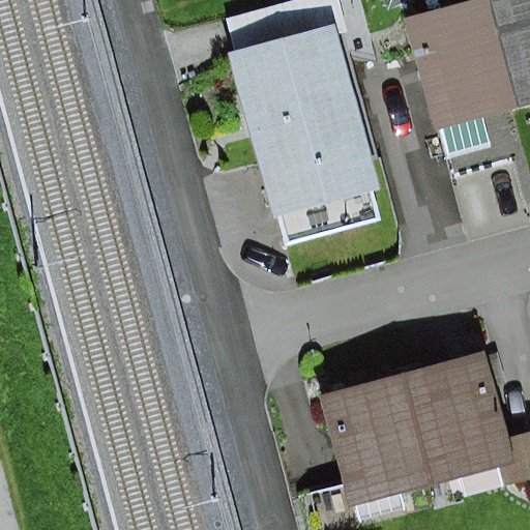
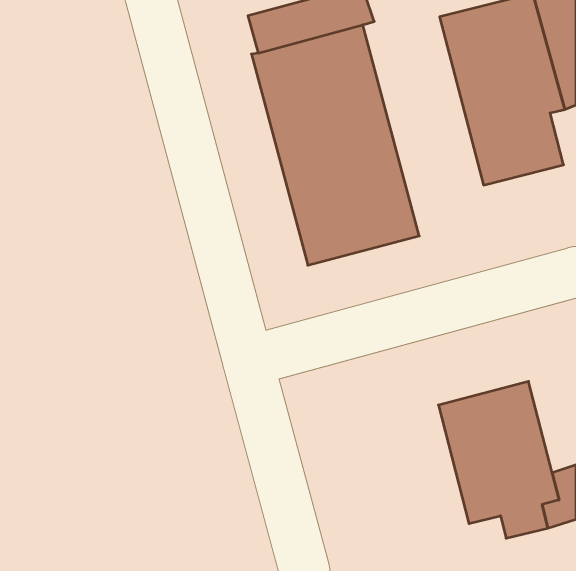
building: [320,372,431,518] -> none

